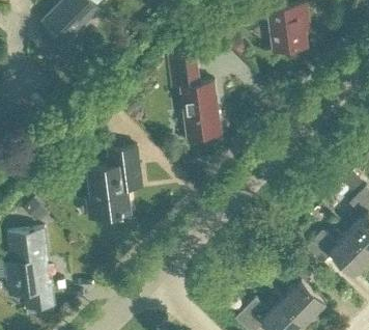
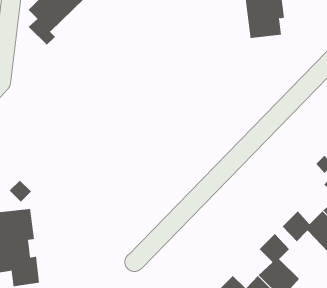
building: [168,54,222,139] -> none
building: [88,148,143,218] -> none

